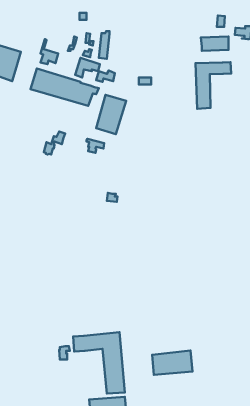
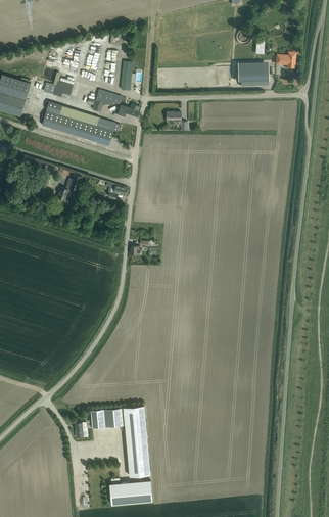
building: [196,62,231,109] -> none
building: [96,95,126,134] -> none
building: [152,350,192,375] -> none

